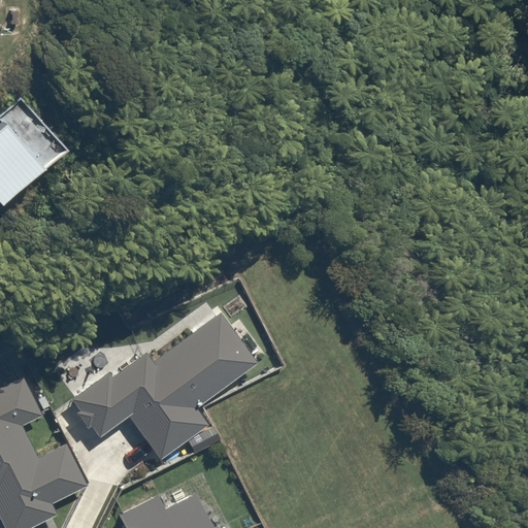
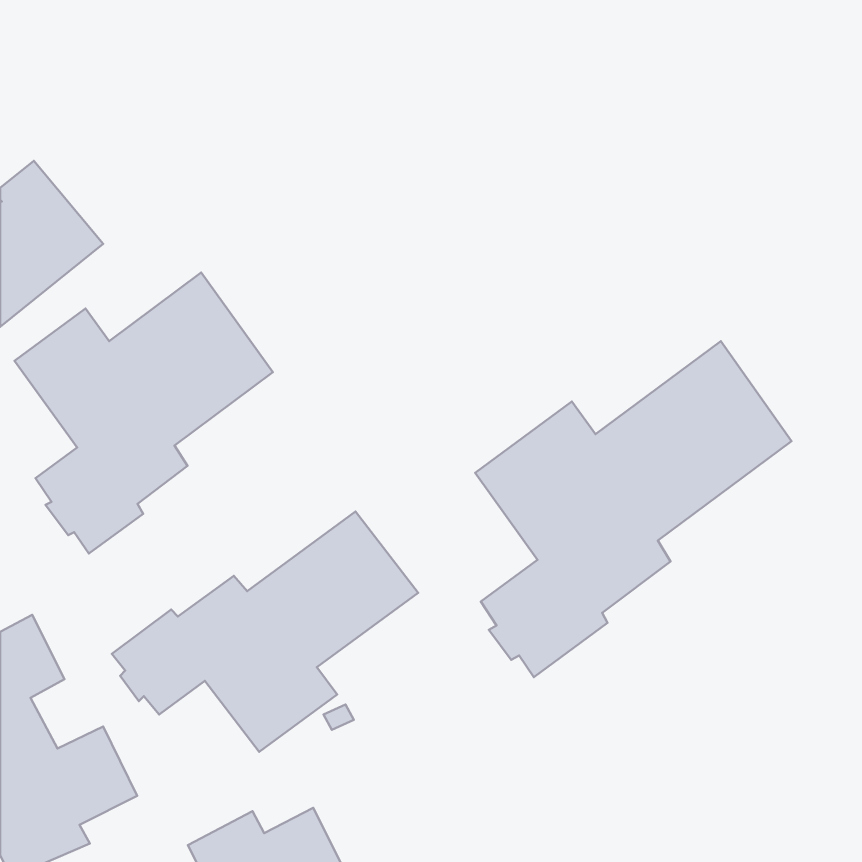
building: none -> [14,272,273,553]
building: none -> [475,341,792,677]

